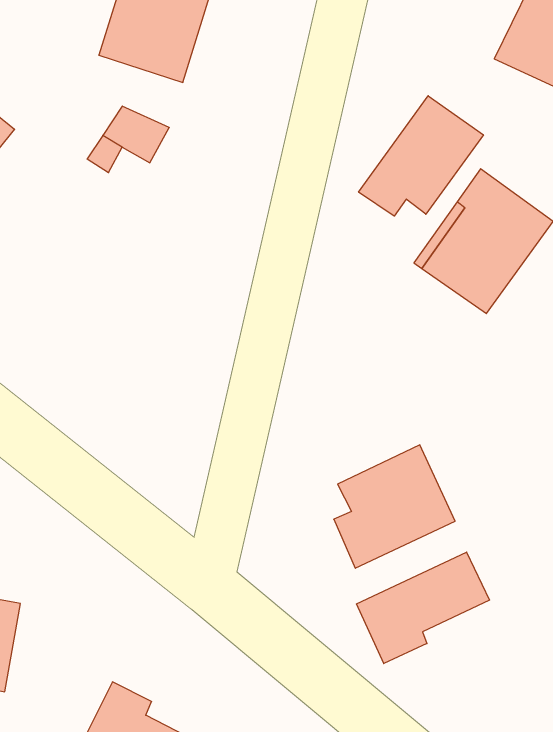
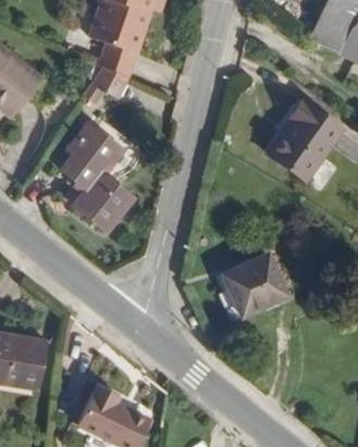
building: [359,96,483,216] -> none
building: none -> [57,122,133,231]
building: [356,552,490,664] -> none

